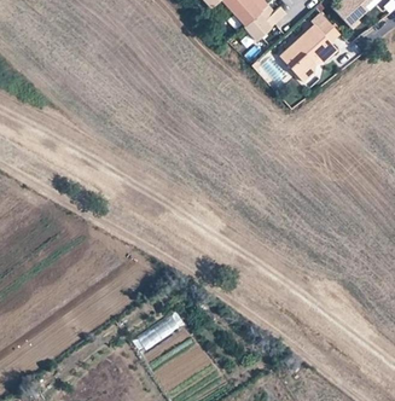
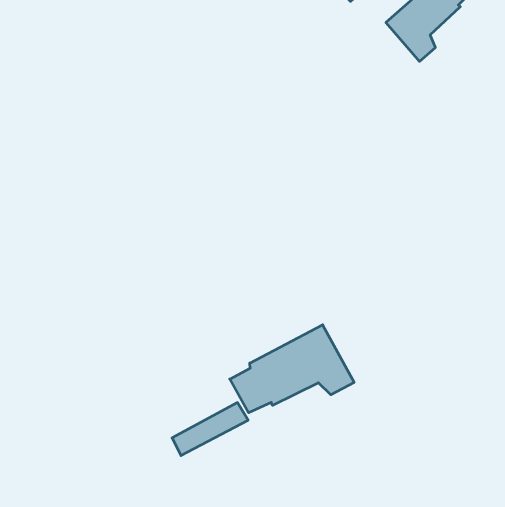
building: none -> [230,325,354,413]

